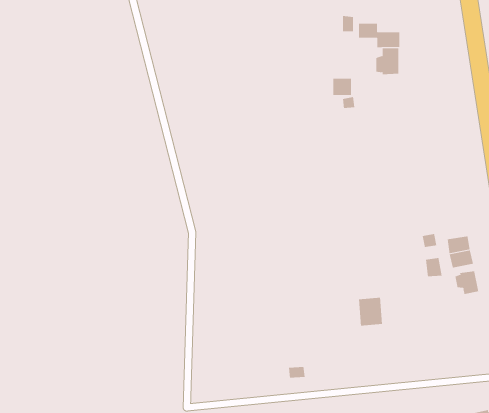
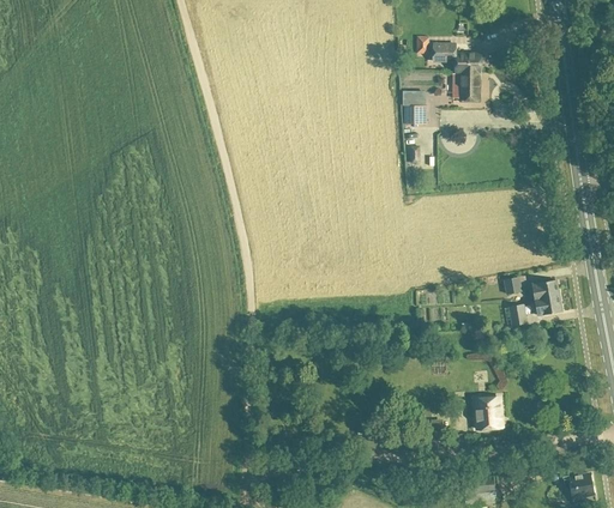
building: [455,270,479,295] -> none
building: [358,297,383,326] -> [474,397,501,429]

